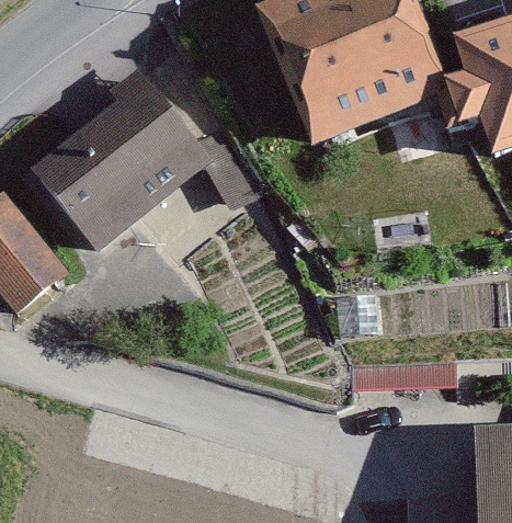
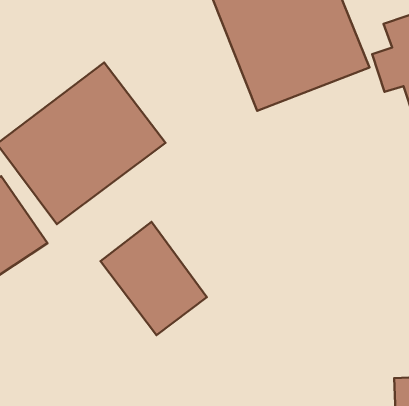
building: none -> [101,222,207,335]

